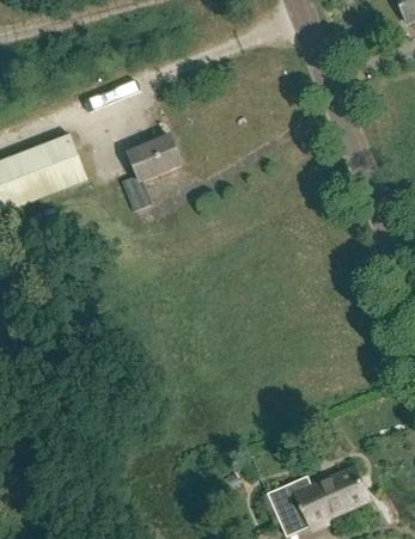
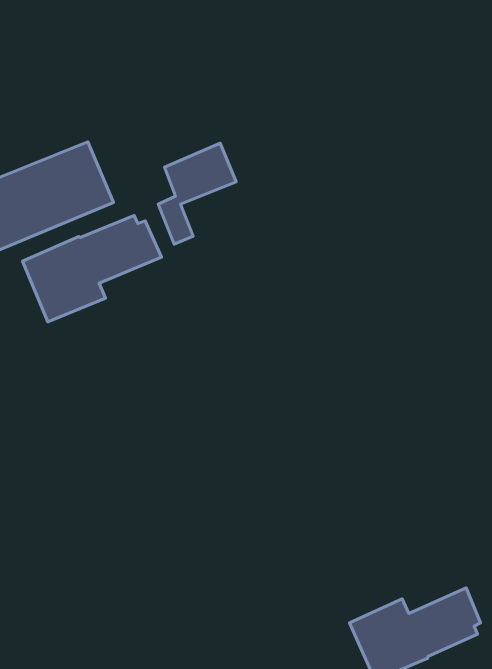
building: none -> [22,215,161,322]

